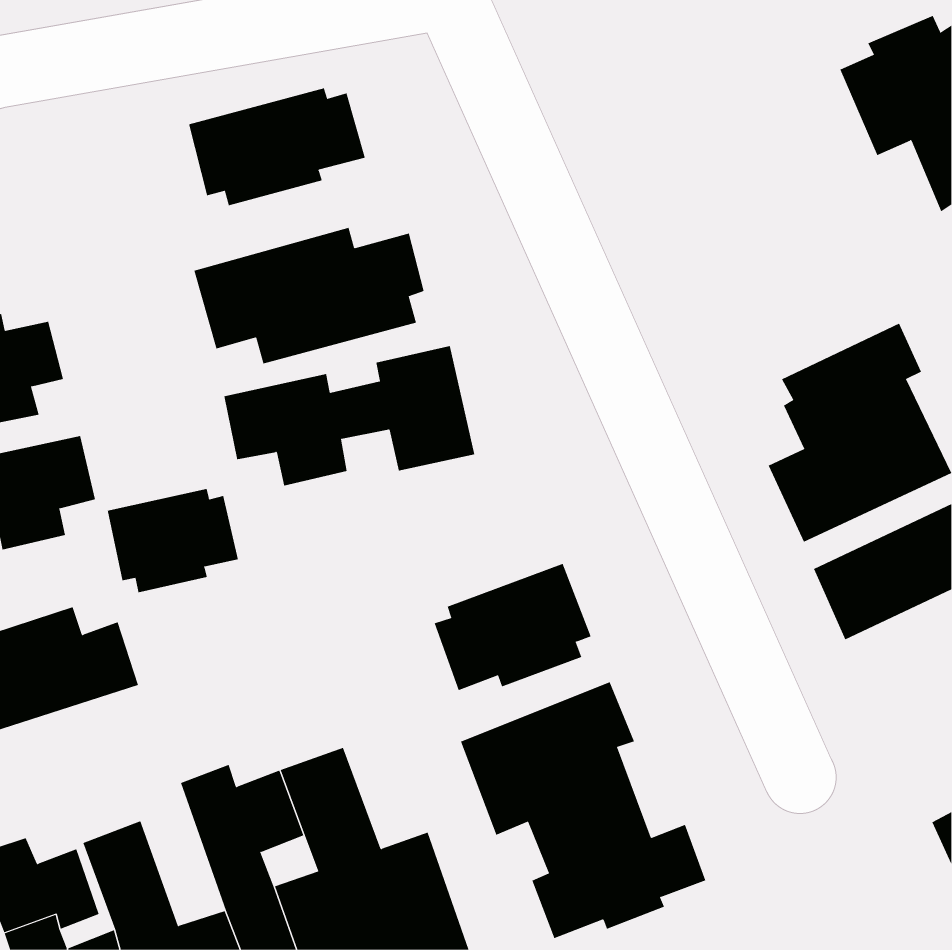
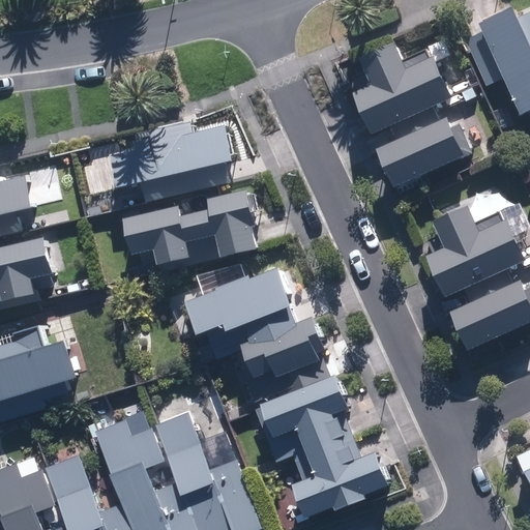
building: none -> [351,46,451,136]
building: [189,87,365,206] -> none
building: none -> [376,115,472,188]
building: [107,488,239,593] -> none
building: none -> [183,269,294,337]

